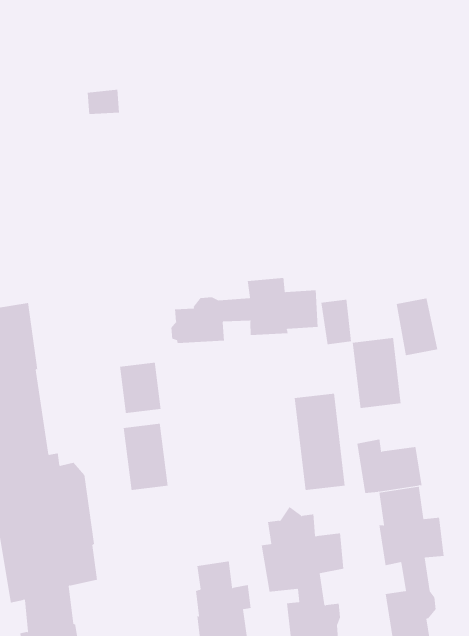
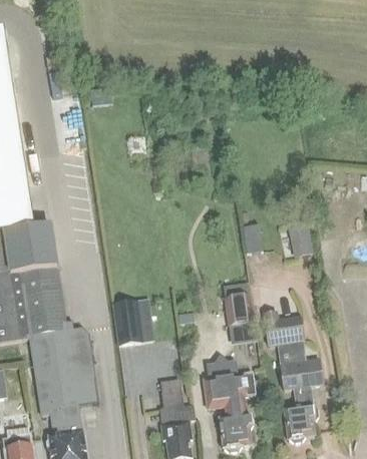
building: [171,277,318,344] -> none
building: [352,337,401,409] -> none
building: [119,362,161,414] -> none

